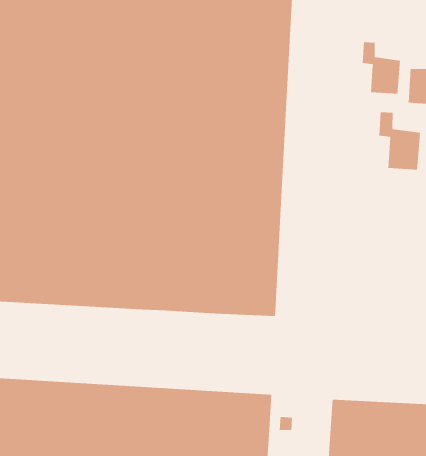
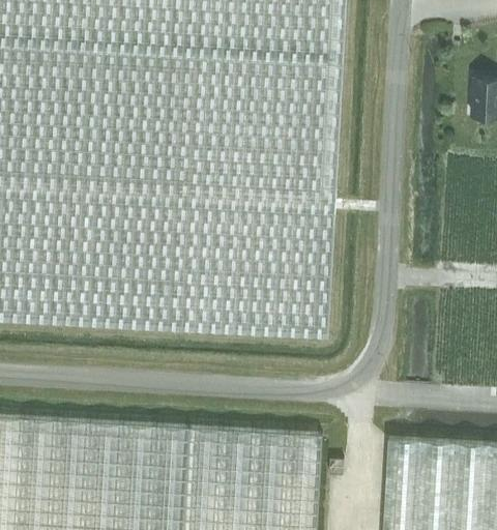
building: [362,41,400,95] -> none
building: [379,112,421,170] -> none

